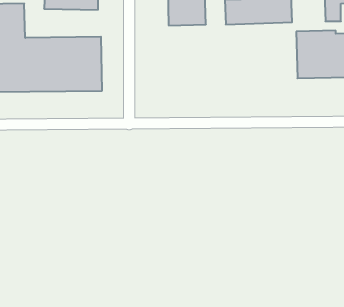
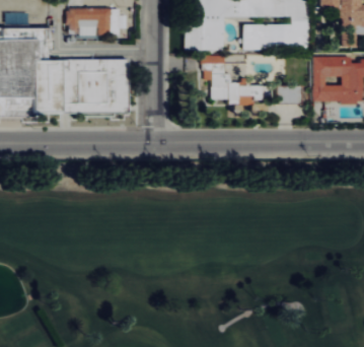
building: none -> [204,55,254,103]

